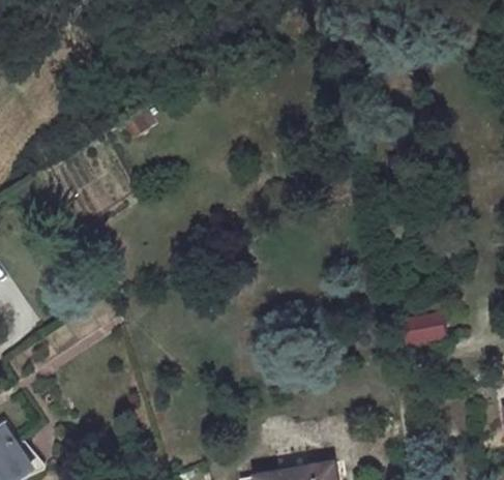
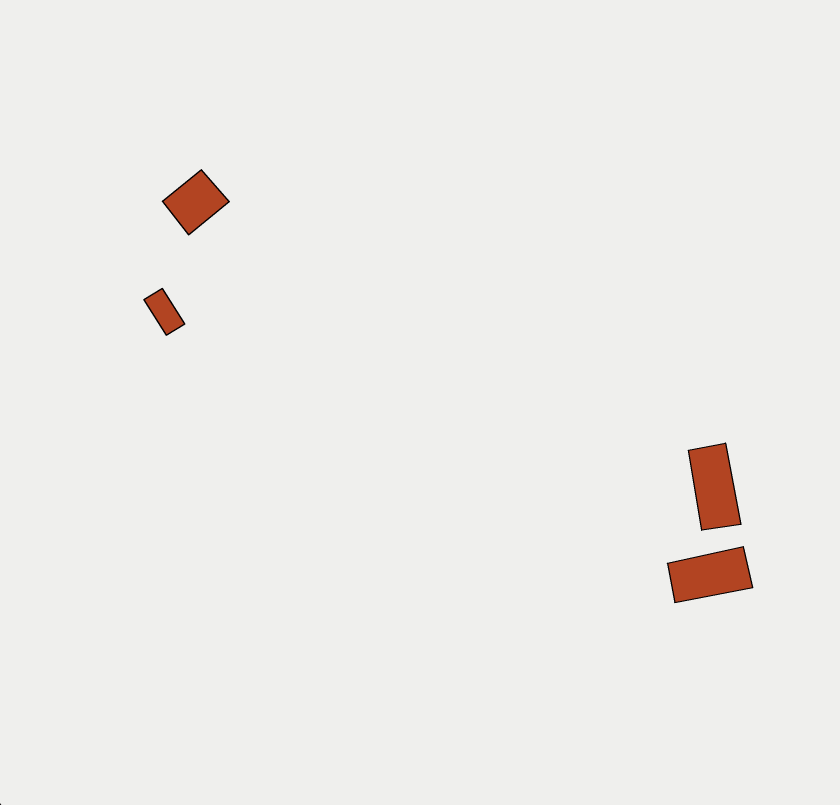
building: none -> [689,443,741,530]

